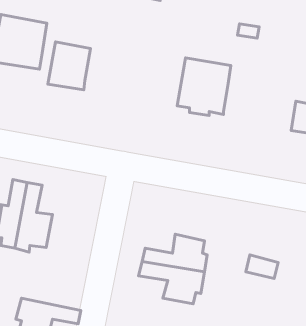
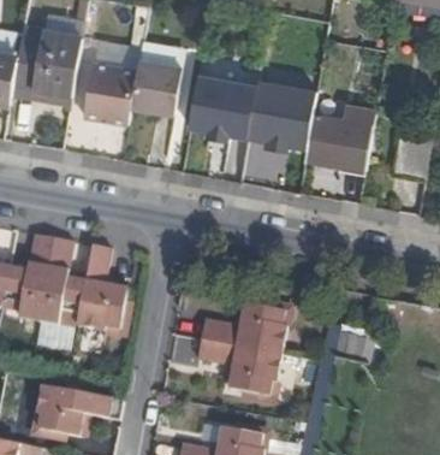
building: none -> [131,58,183,112]
building: none -> [190,76,257,143]
building: none -> [305,113,371,167]
building: none -> [79,246,130,335]

